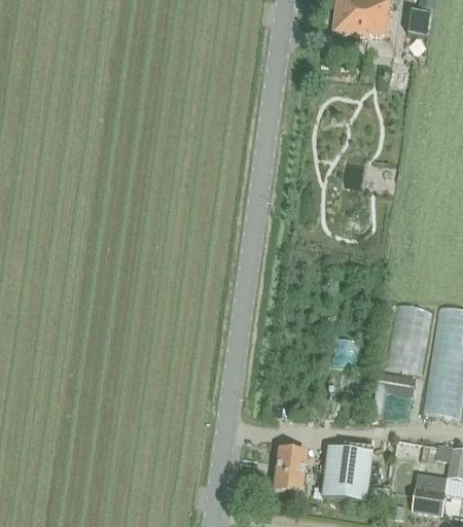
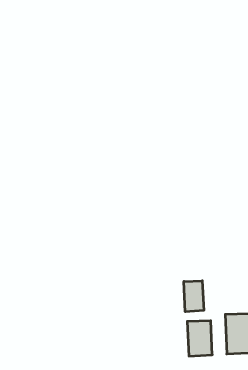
building: none -> [184,281,204,312]

